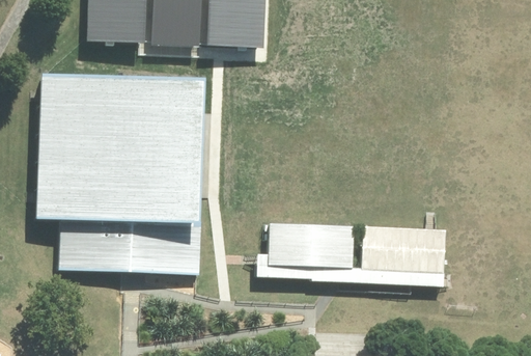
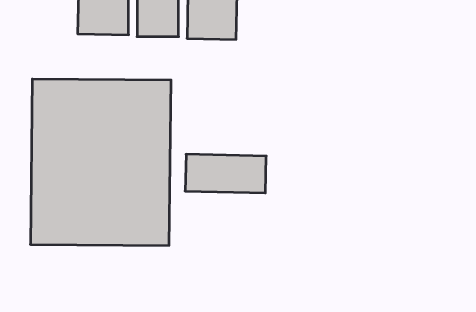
building: [364,220,450,272] -> none
building: [268,224,357,267] -> [185,154,266,193]

